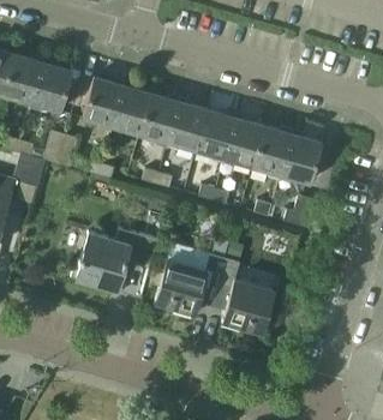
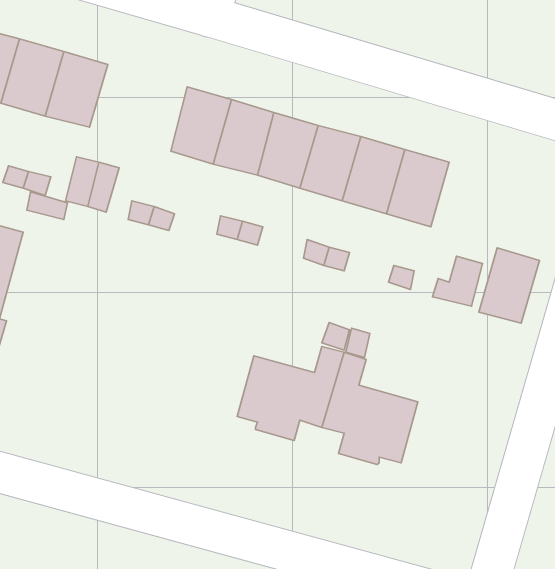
building: [82,77,122,127] -> none
building: [281,134,321,184] -> [479,248,540,323]
building: [70,229,157,298] -> none

